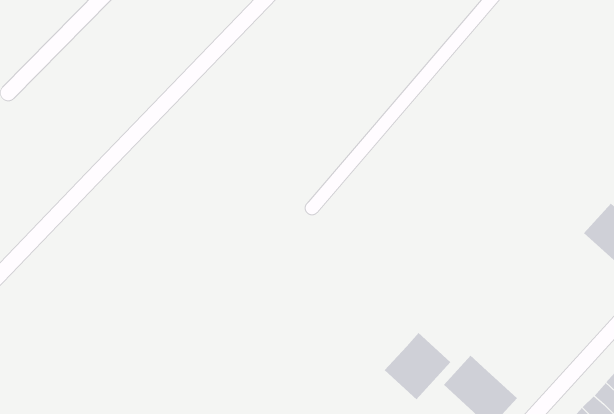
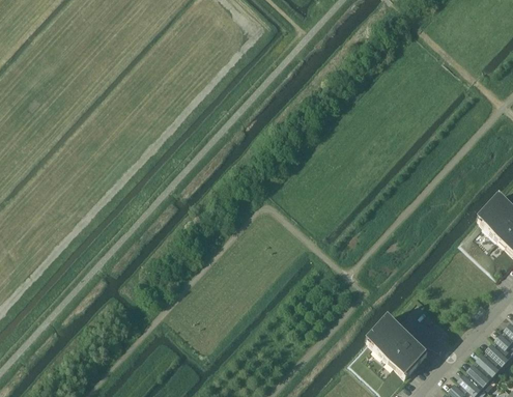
building: [384,332,451,400] -> none

